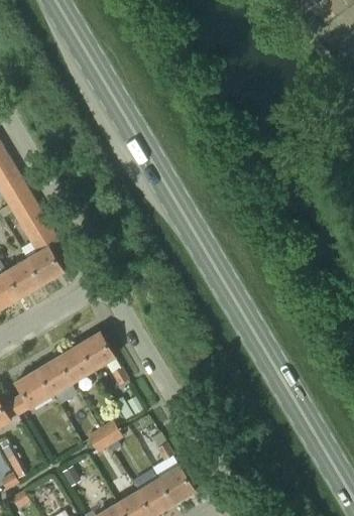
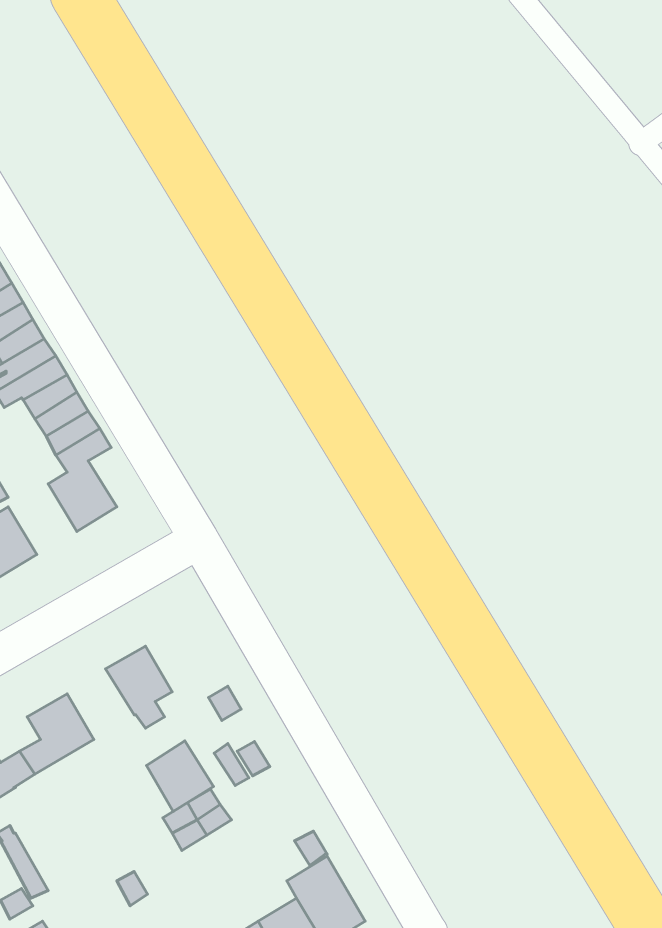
building: [5,260,41,297] -> none
building: [78,333,114,370] -> none
building: [36,358,72,395] -> [147,741,213,811]

